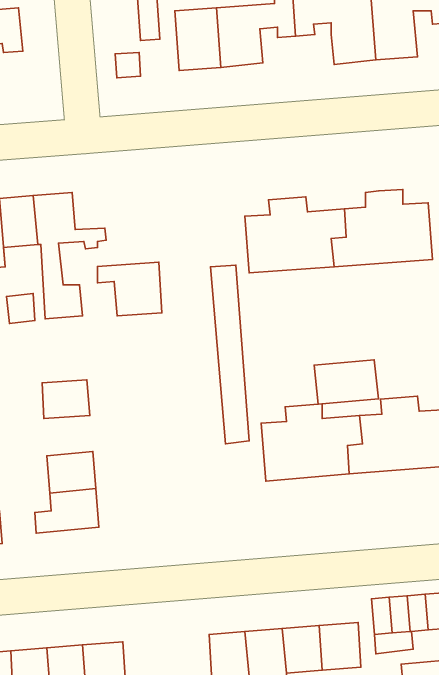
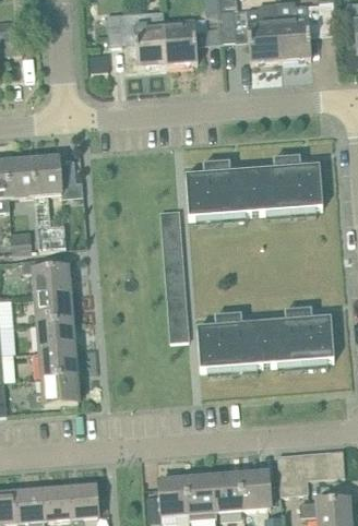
building: [98,262,162,316] -> [23,258,70,297]
building: [314,360,378,404] -> none
building: none -> [38,321,74,350]

